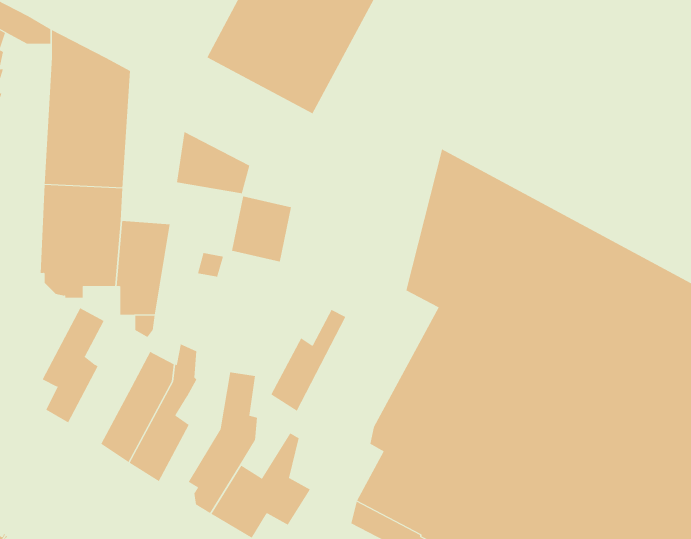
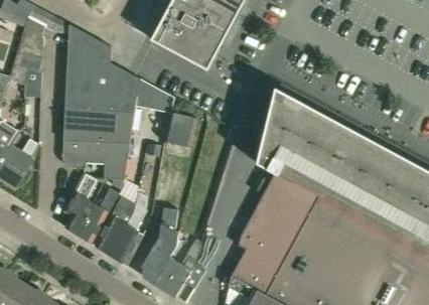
building: none -> [105,62,138,128]
building: [271,309,346,411] -> [77,188,117,243]

